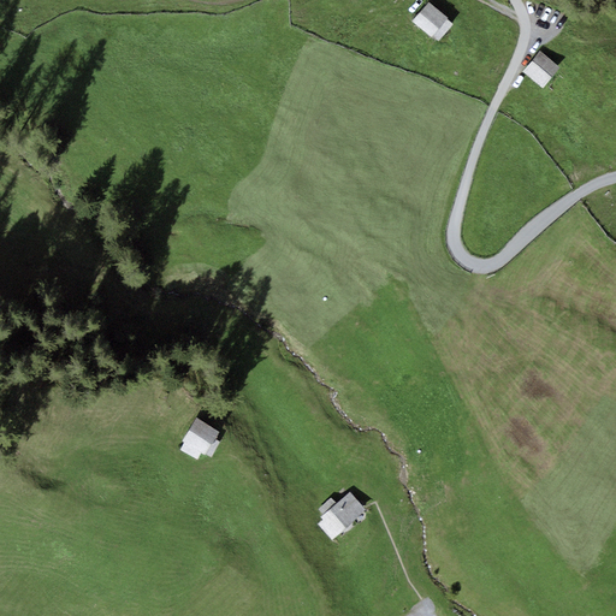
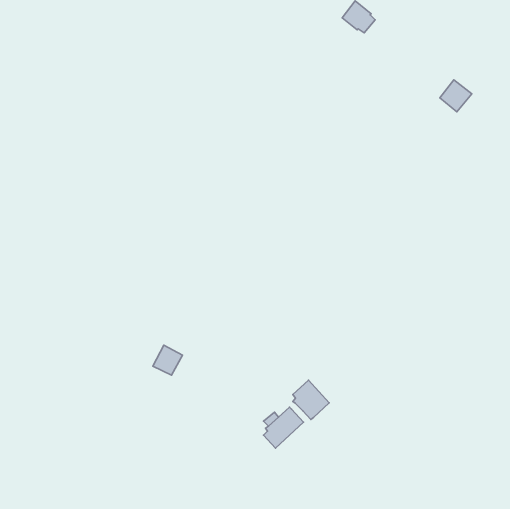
building: [522,49,561,88] -> [440,80,472,112]
building: none -> [293,380,329,420]

